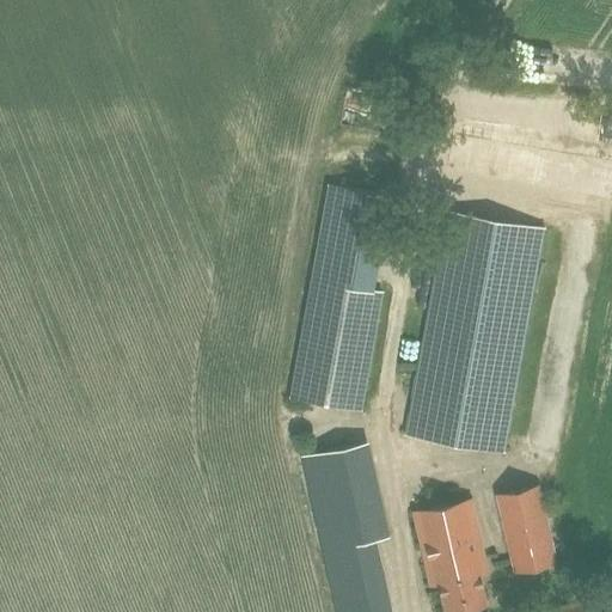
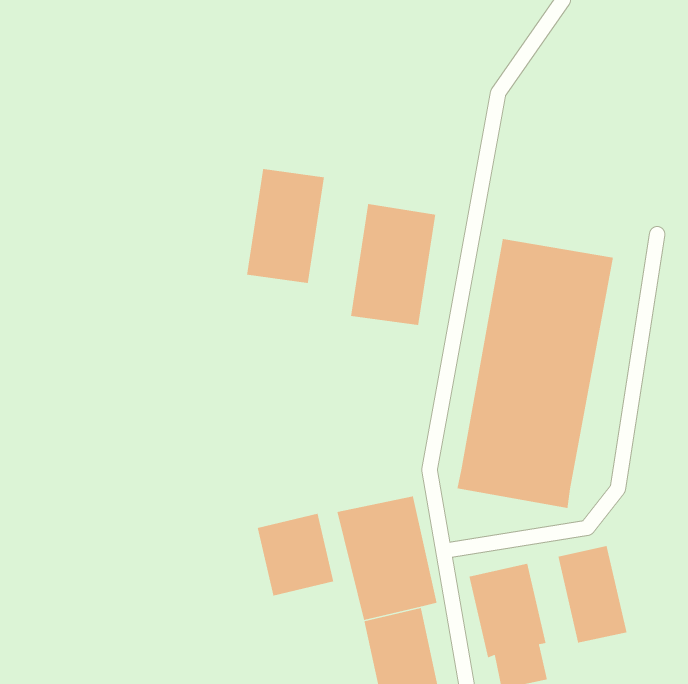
building: none -> [246,168,325,284]
building: [292,284,381,412] -> none
building: none -> [257,513,334,597]

